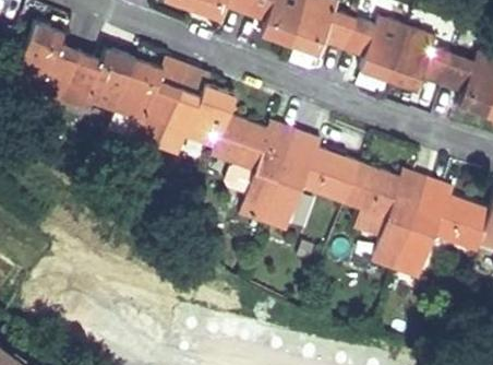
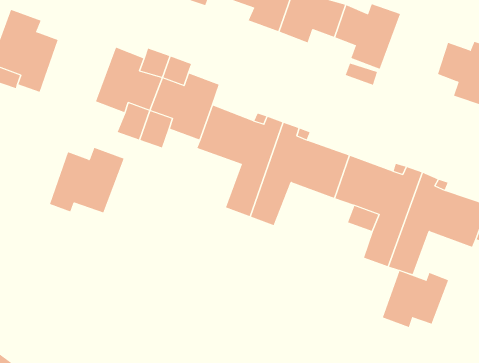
building: [387,26,452,90] -> none
building: [62,47,134,110] -> [49,147,124,213]
building: none -> [382,270,449,328]

